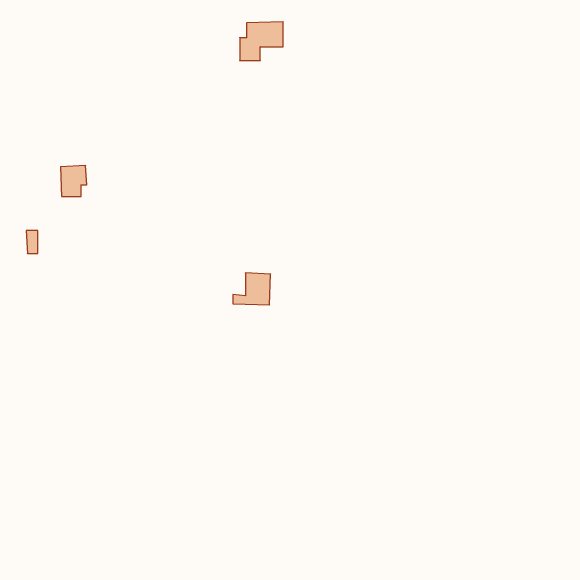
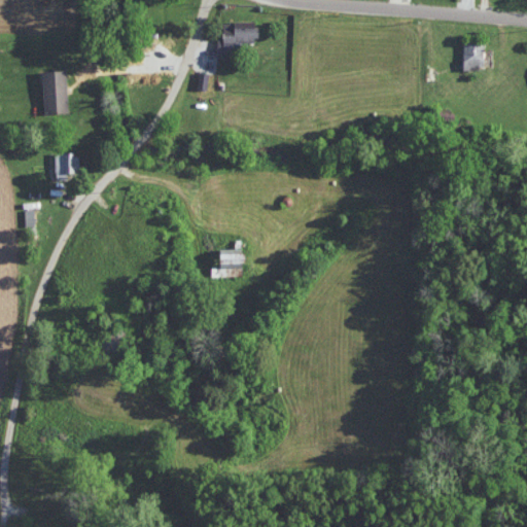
building: none -> [462,43,484,71]
building: none -> [42,71,67,114]

